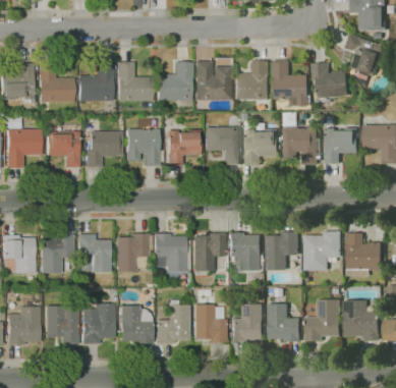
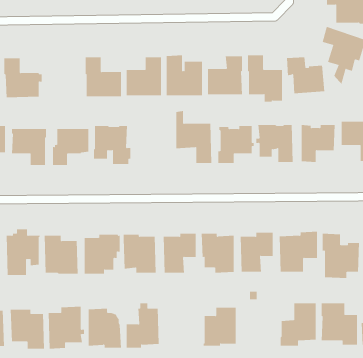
building: [76,62,113,101] -> none
building: [166,129,204,166] -> none
building: [269,302,301,341] -> none
building: [193,303,228,342] -> none

